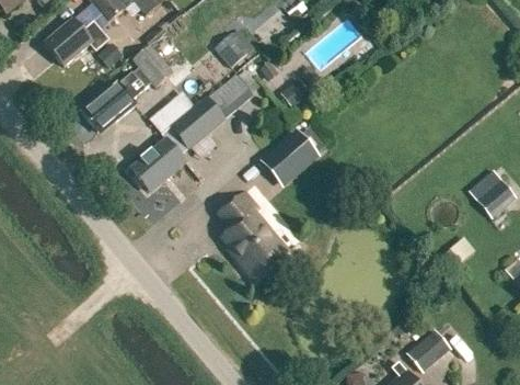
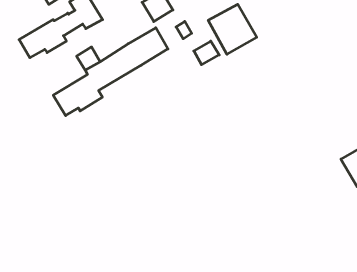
building: none -> [208,4,257,54]
building: [257,131,317,189] -> none
building: [220,191,281,279] -> none

